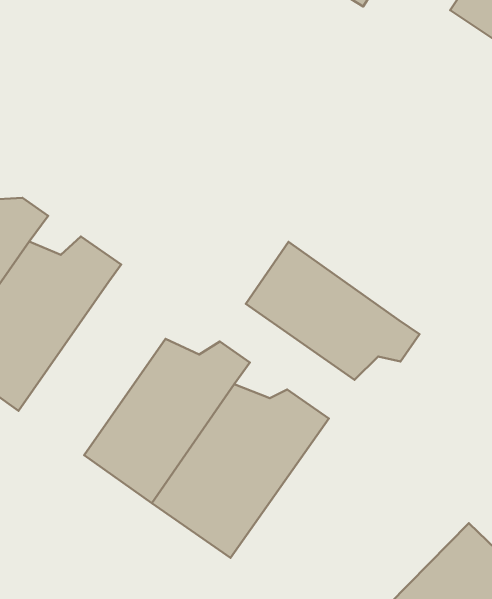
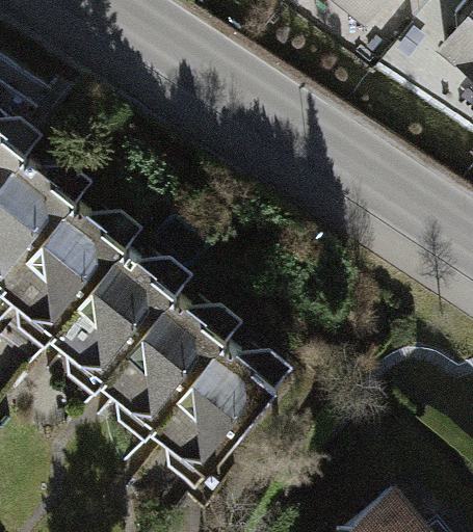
building: [246,242,420,380] -> none
building: none -> [49,242,192,377]

